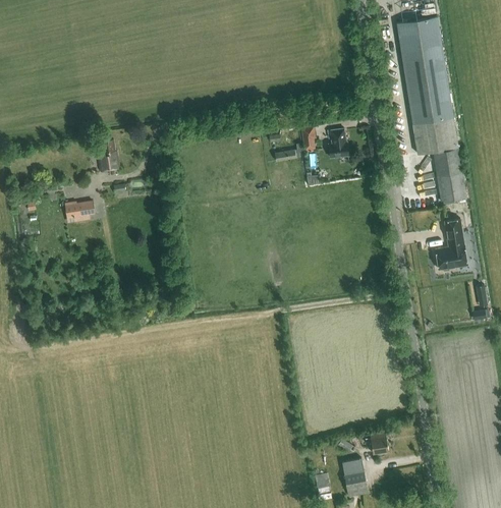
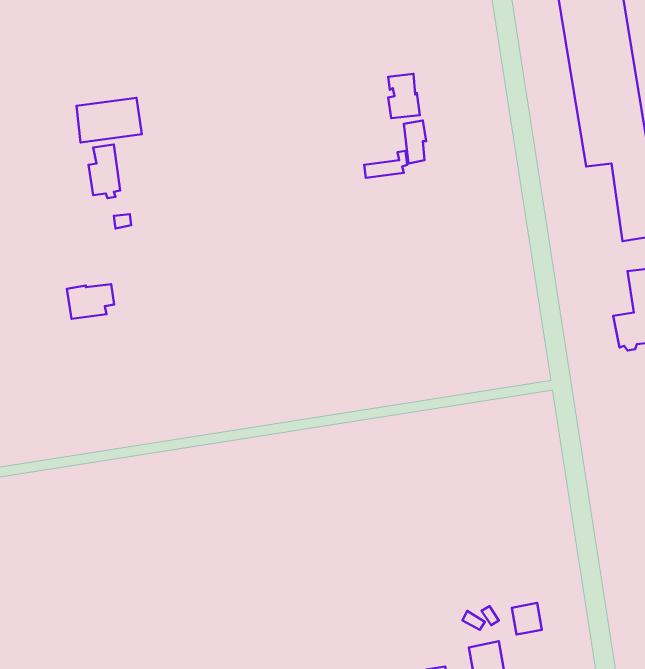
building: none -> [77,98,142,143]
building: [328,127,348,156] -> [388,74,420,118]
building: [64,200,95,222] -> [67,284,114,319]

